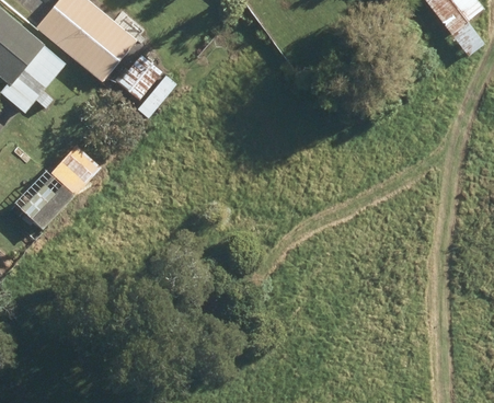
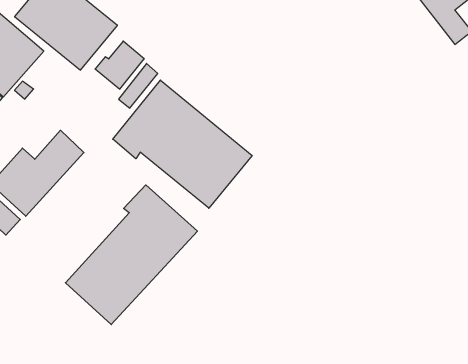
building: none -> [113,80,252,208]
building: none -> [65,185,197,325]

